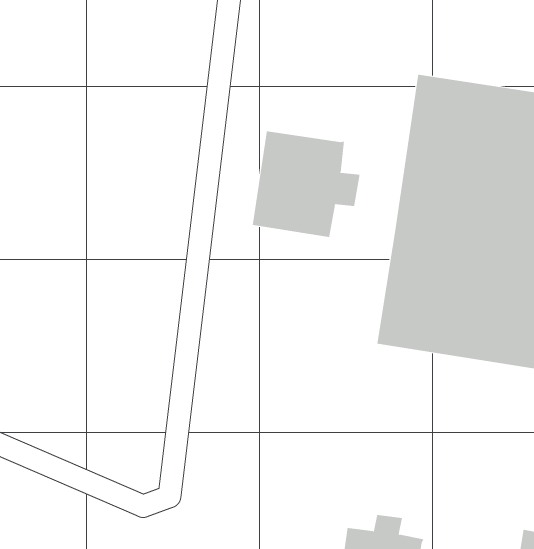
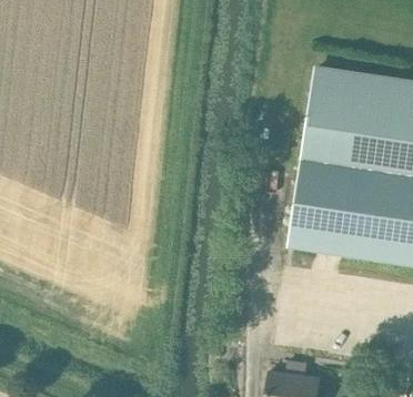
building: [252,131,360,238] -> none

